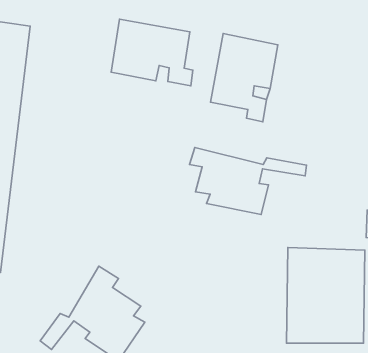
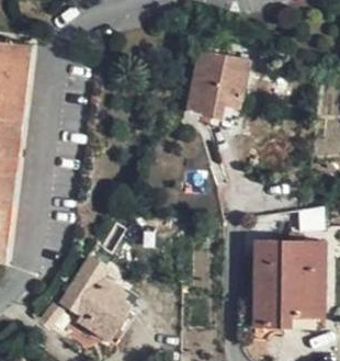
building: [111,19,193,86] -> none
building: [190,147,307,214] -> none

